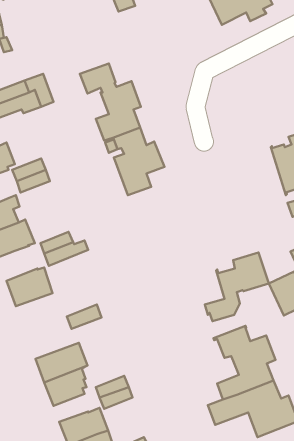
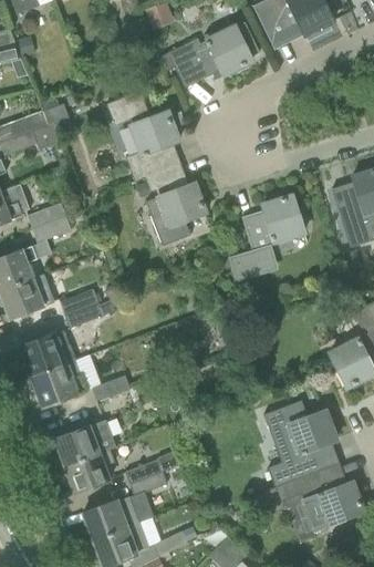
building: none -> [162,21,260,81]
building: [205,253,269,321] -> [229,196,304,277]
building: none -> [31,361,85,408]

